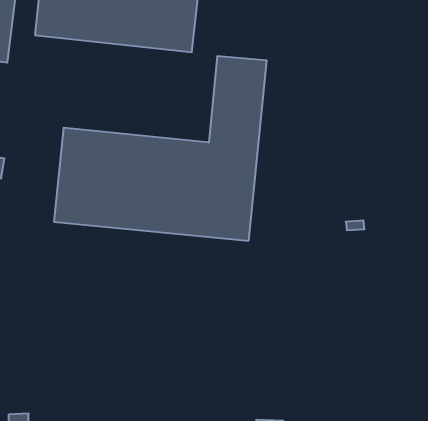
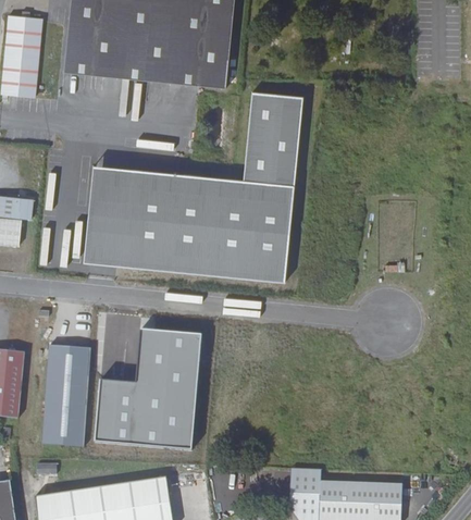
building: none -> [94,327,200,447]
building: none -> [41,344,89,446]

